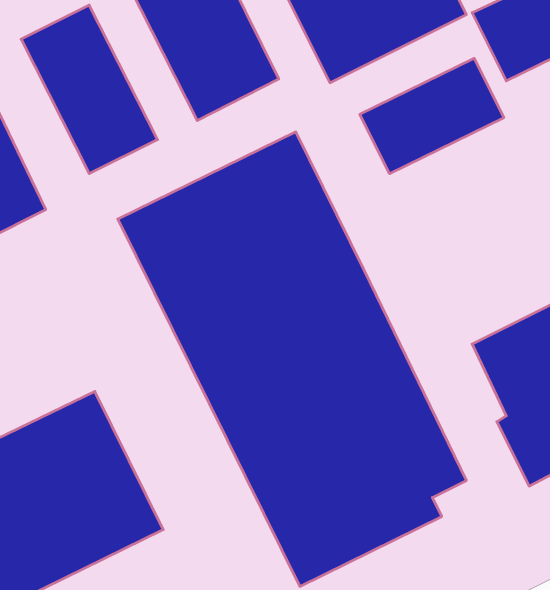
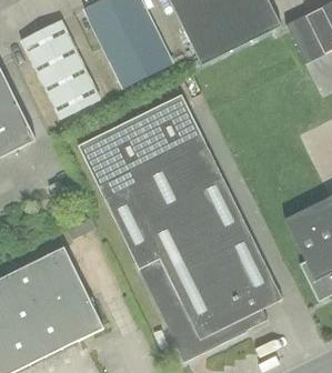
building: [360,58,504,174] -> none

